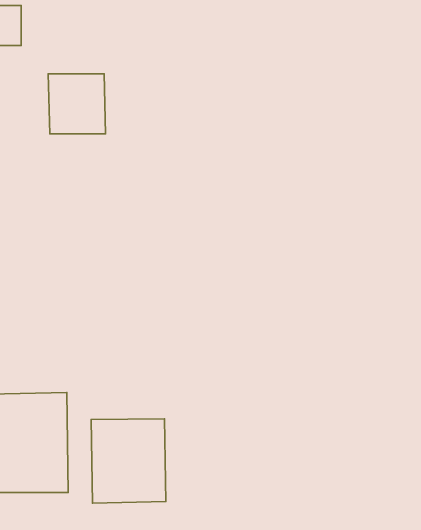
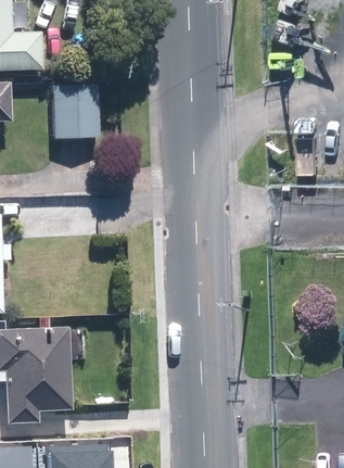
building: [91,419,166,503] -> none

